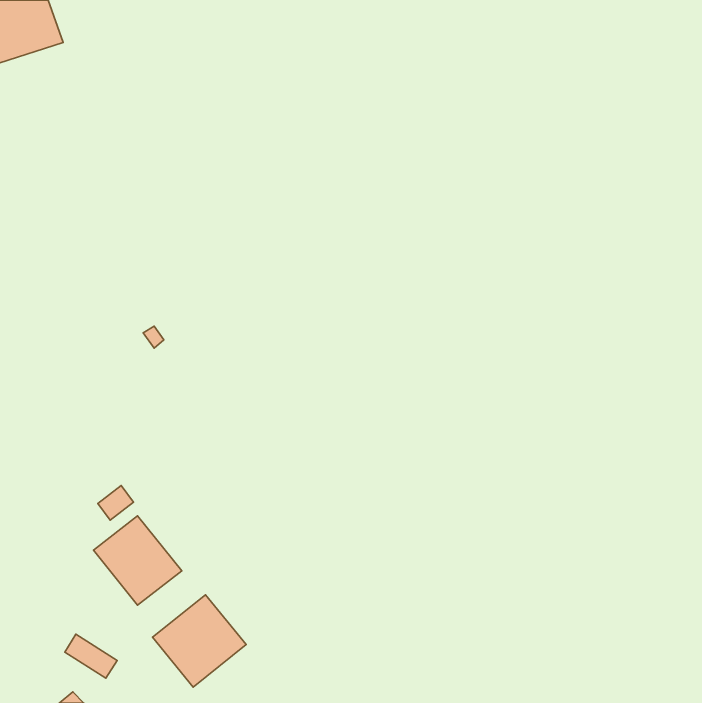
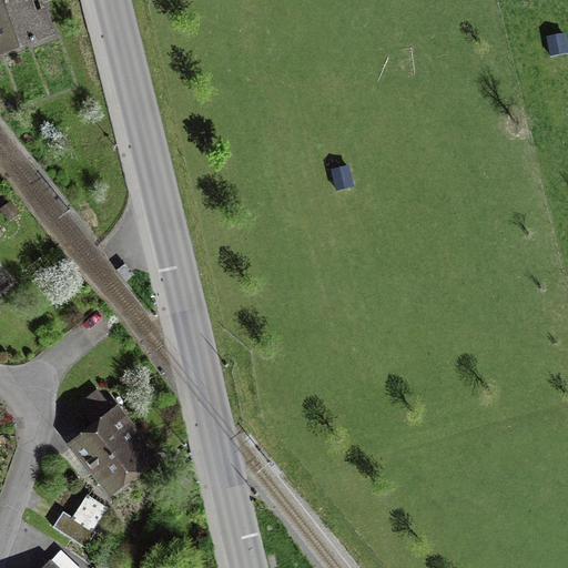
building: [152,595,246,687] -> none

